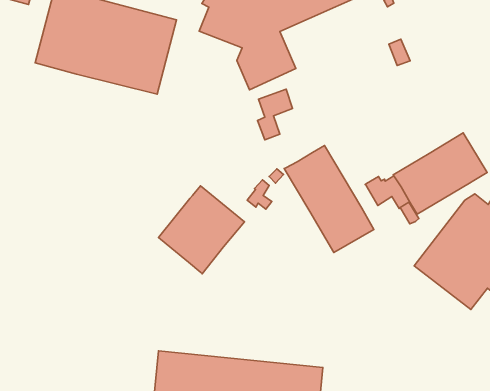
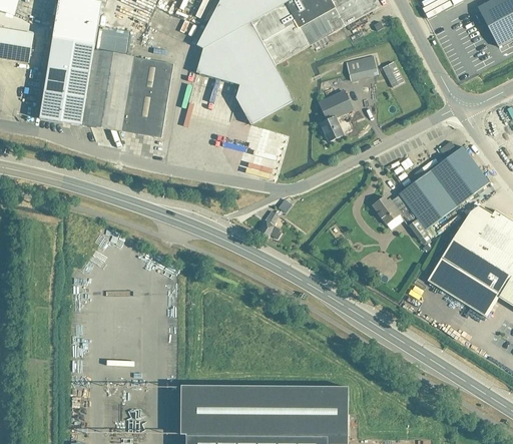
building: none -> [346,55,378,80]
building: [257,89,293,140] -> [319,90,353,141]
building: [284,145,374,253] -> none
building: [158,186,244,274] -> none

